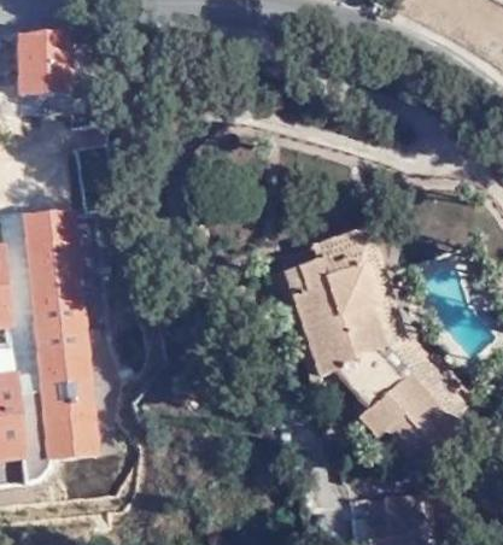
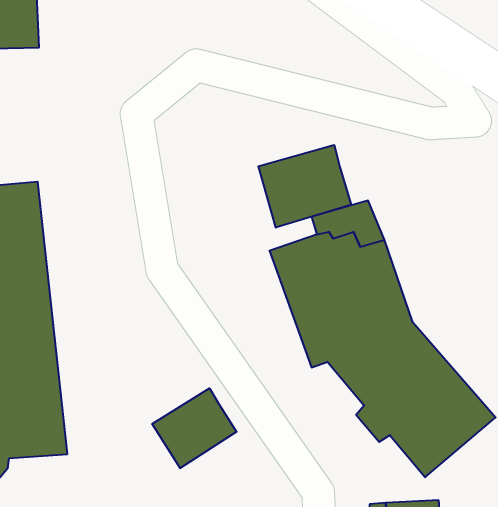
building: none -> [258,145,351,228]
building: none -> [152,388,237,468]

